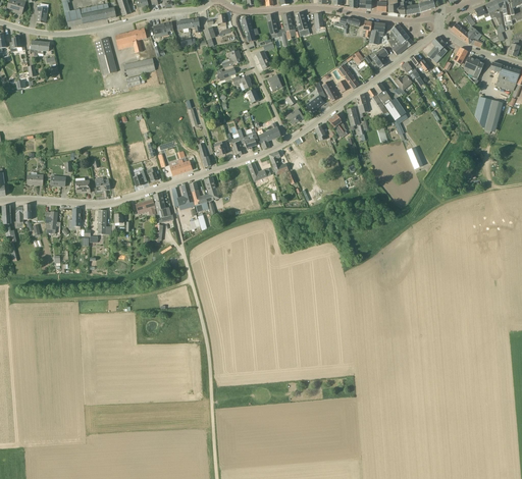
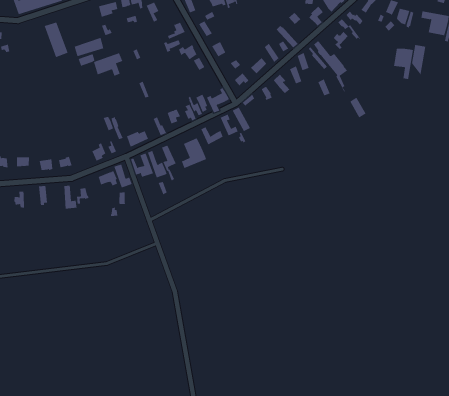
building: [115,29,147,53] -> [93,53,123,77]
building: none -> [393,48,414,80]
building: none -> [181,138,207,169]

